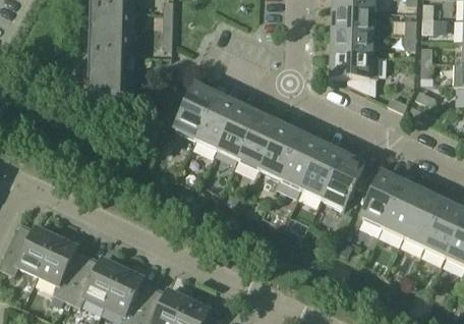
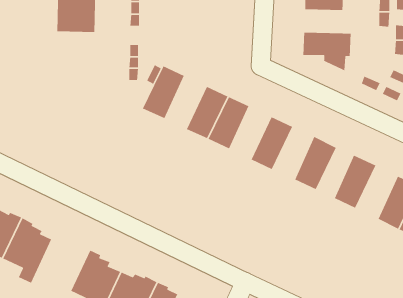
building: [332,33,370,55] -> none
building: [89,54,128,101] -> none
building: [196,97,237,150] -> none
building: [259,126,300,179] -> none
building: [301,147,342,199] -> none
building: [383,184,423,237] -> none
building: [66,257,123,308] -> none

